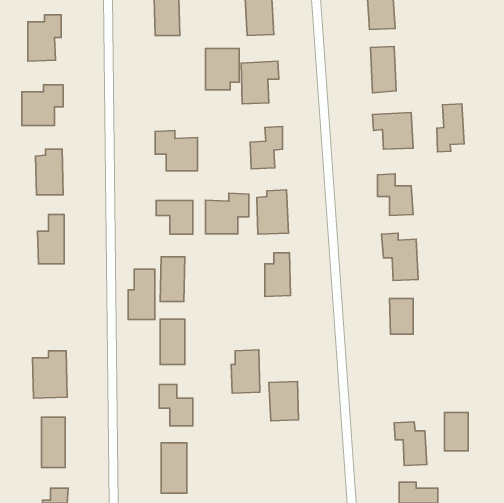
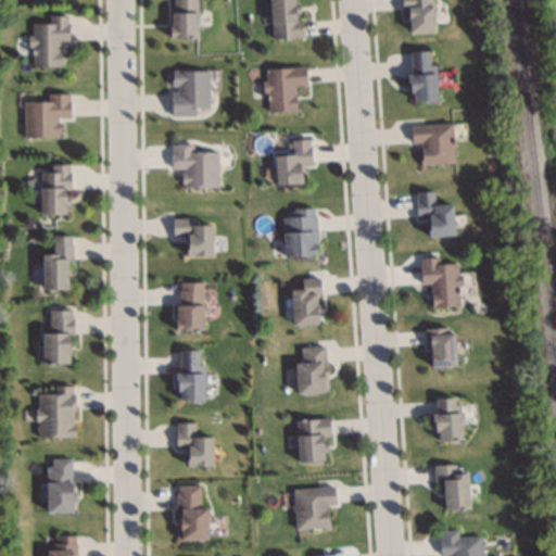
building: [206,48,239,90] -> [172,72,208,117]
building: [437,104,464,152] -> none
building: [206,193,249,234] -> none
building: [128,269,155,319] -> [43,309,73,365]
building: [231,350,260,393] -> [296,346,328,394]
building: [444,412,468,451] -> [434,399,460,441]
building: none -> [293,488,336,531]

